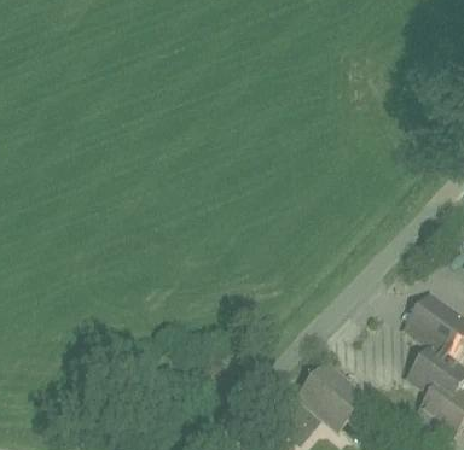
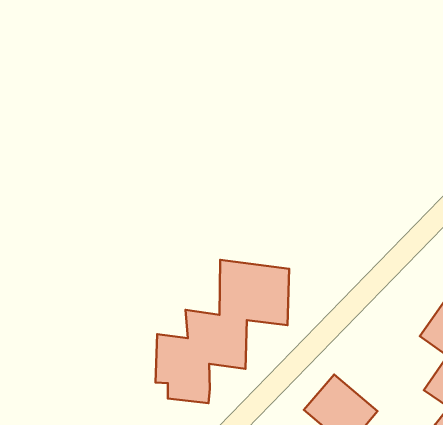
building: none -> [156,260,289,403]

